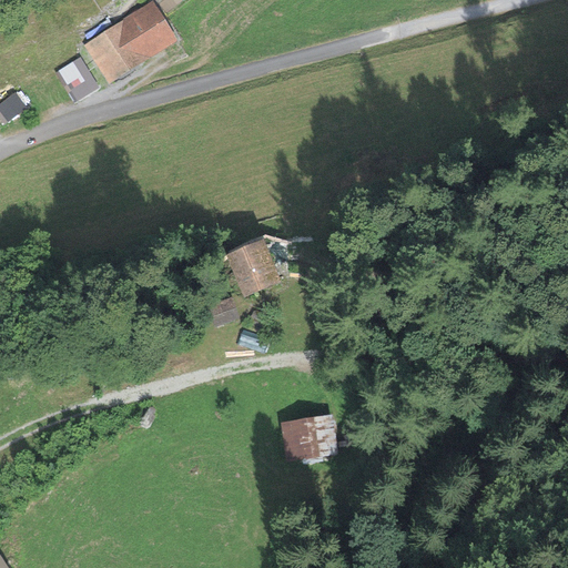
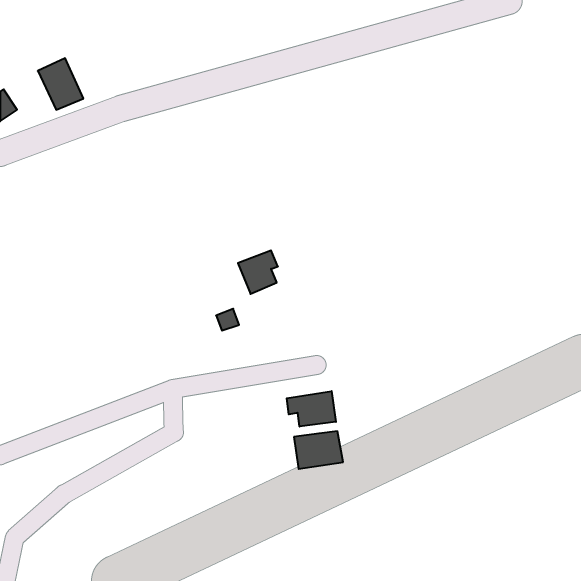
building: [93,8,170,72] -> none
building: none -> [287,391,336,427]

